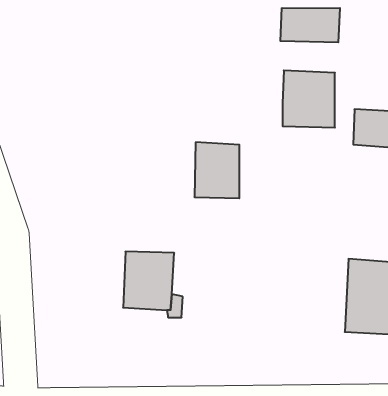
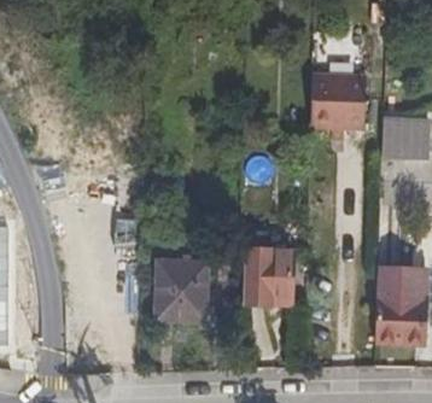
building: [280,8,340,42] -> none
building: [194,142,239,198] -> [249,246,293,302]

